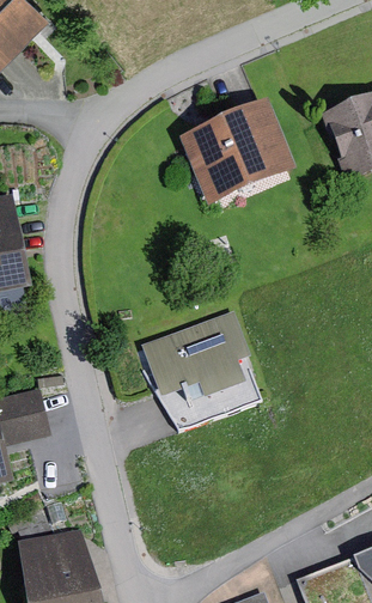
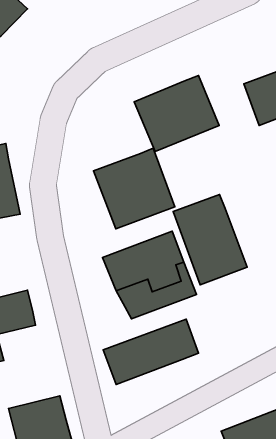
building: none -> [93,148,175,229]
building: none -> [173,194,247,285]
building: none -> [103,319,198,384]

